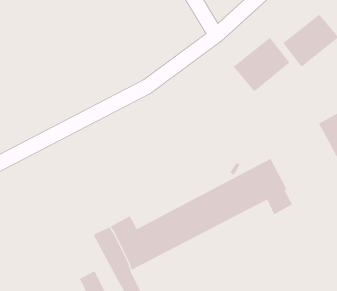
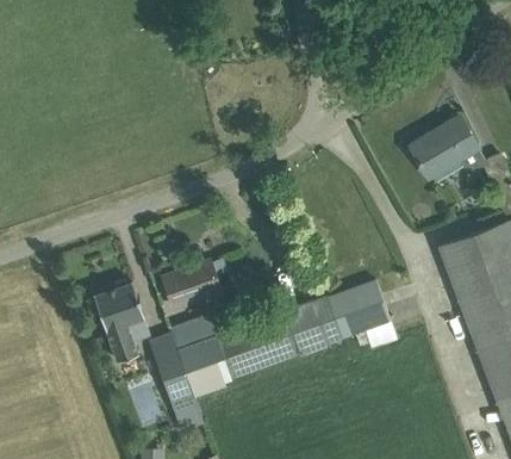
building: [233,37,290,92] -> none
building: none -> [163,261,222,306]
building: none -> [95,284,150,361]

